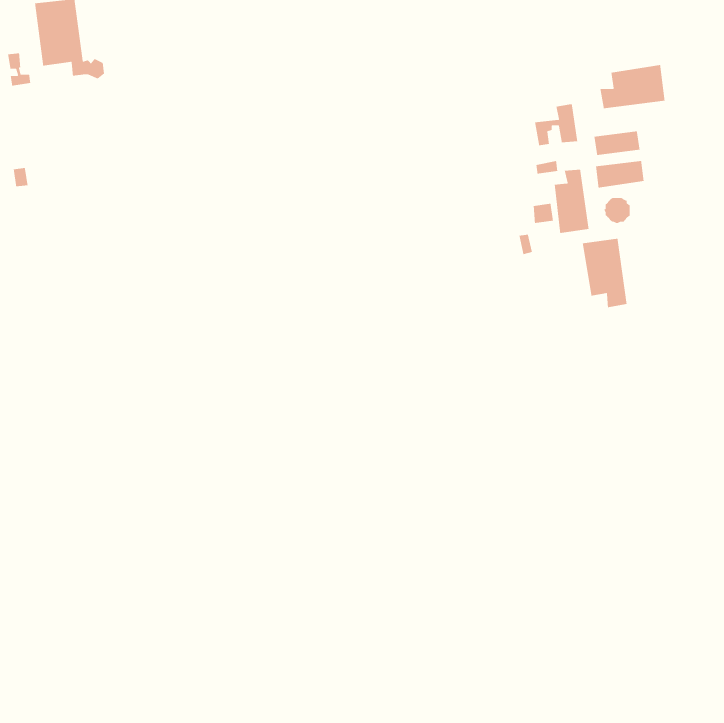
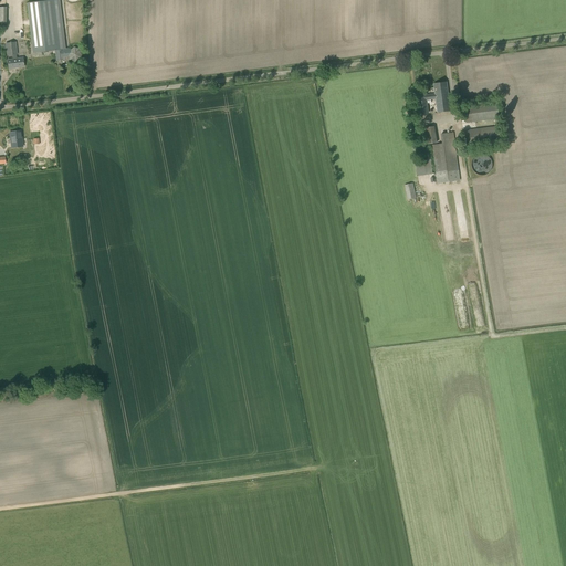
building: [600,64,666,109] -> none
building: [582,238,627,308] -> none

